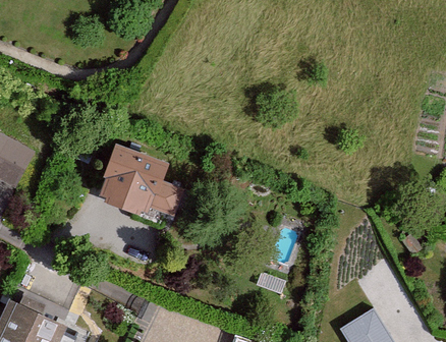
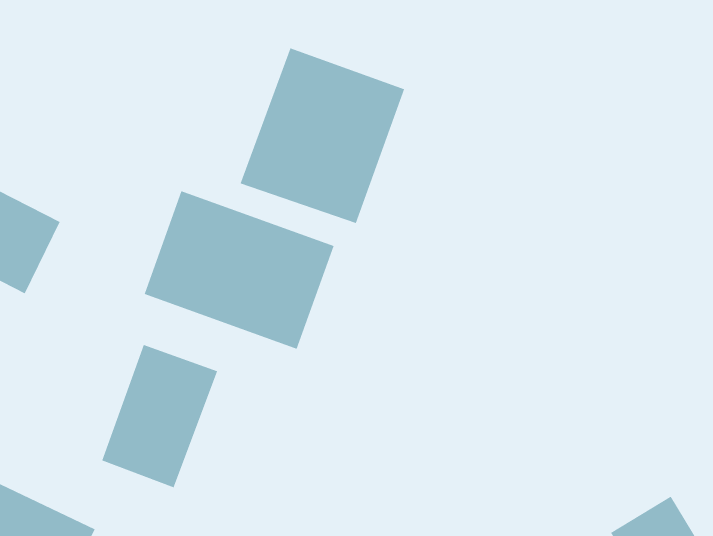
building: none -> [240,47,405,224]
building: none -> [101,344,218,488]

